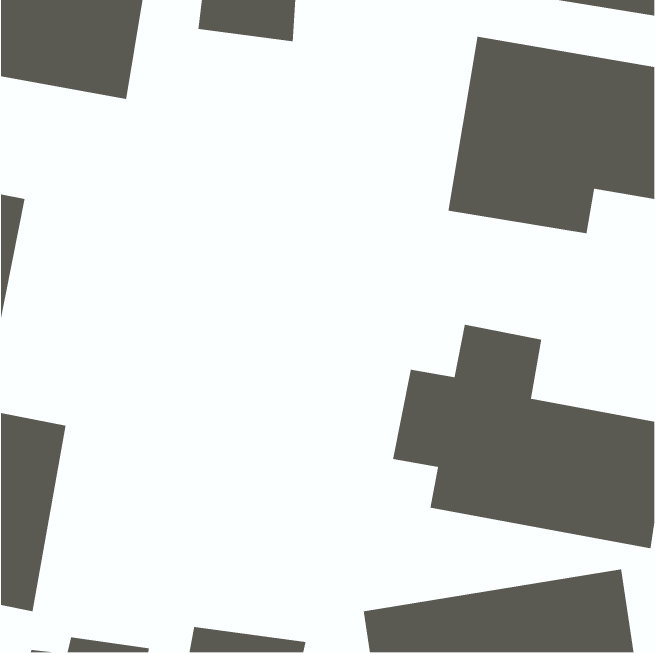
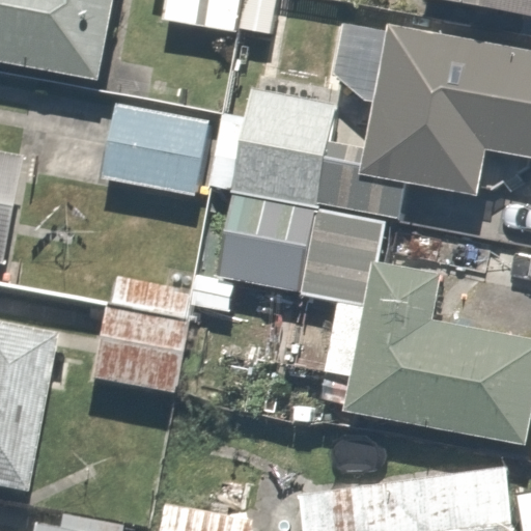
building: none -> [219,87,373,294]
building: none -> [102,106,206,194]
building: none -> [83,281,181,398]

